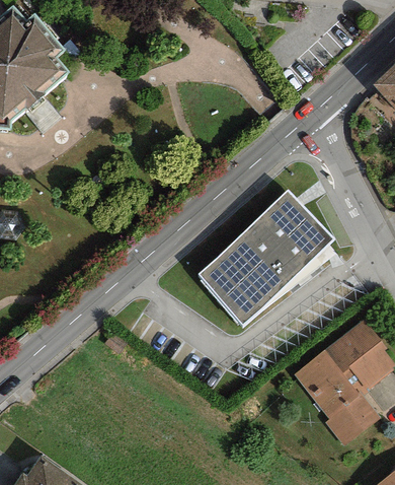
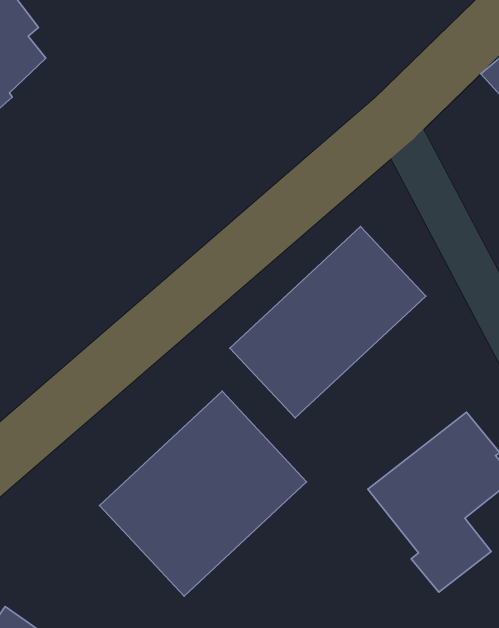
building: none -> [100,391,307,596]

